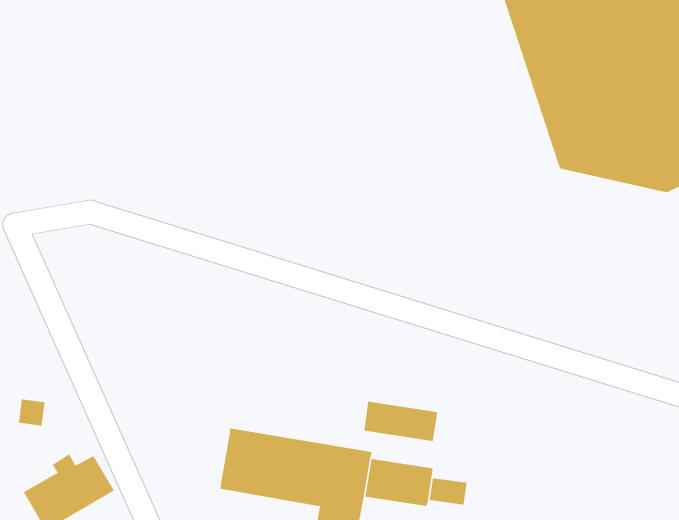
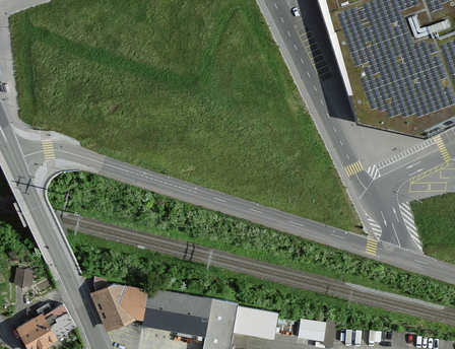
building: [364,401,437,442] -> none
building: none -> [94,276,149,326]
building: none -> [300,318,327,340]

